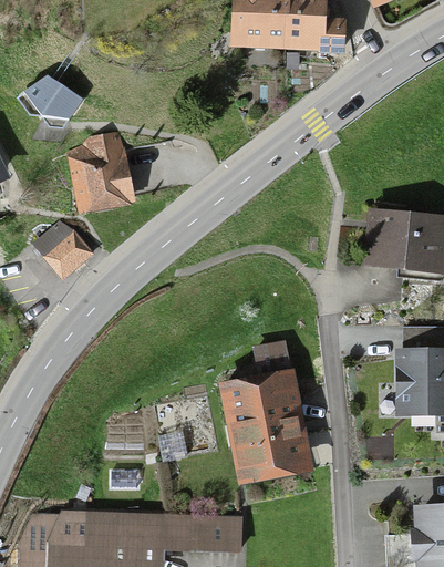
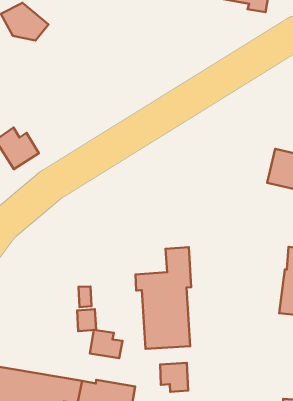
building: [68,134,132,199] -> none
building: none -> [90,330,123,358]
building: none -> [160,363,188,392]

